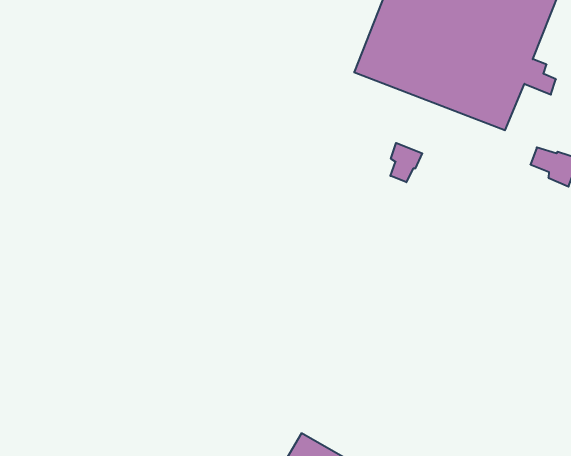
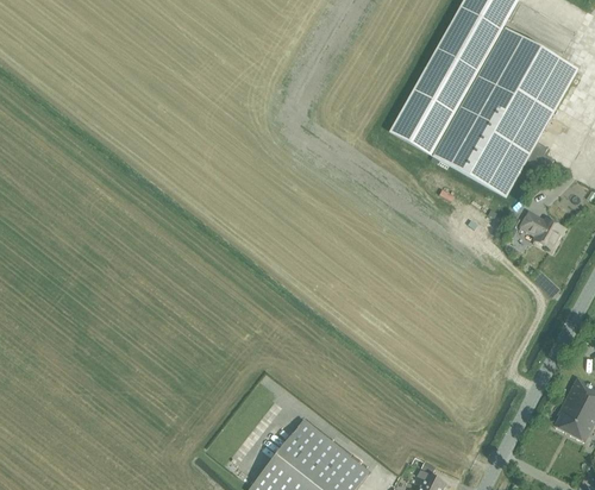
building: [390,143,422,182] -> none

